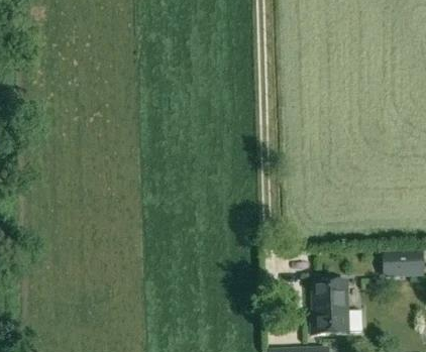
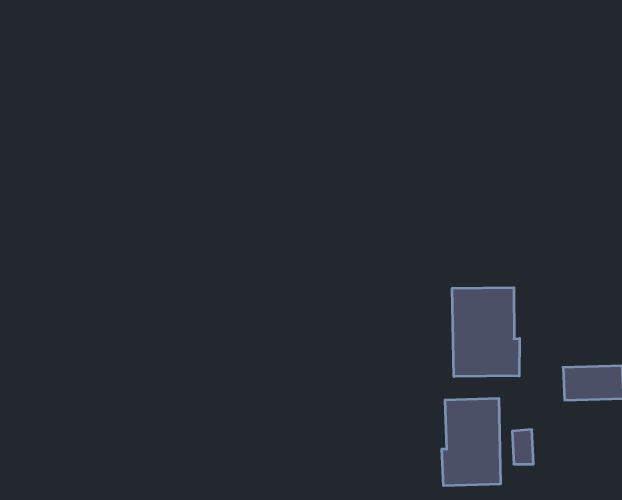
building: none -> [452,288,520,377]

